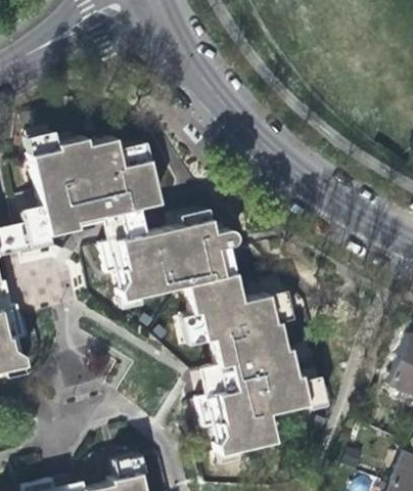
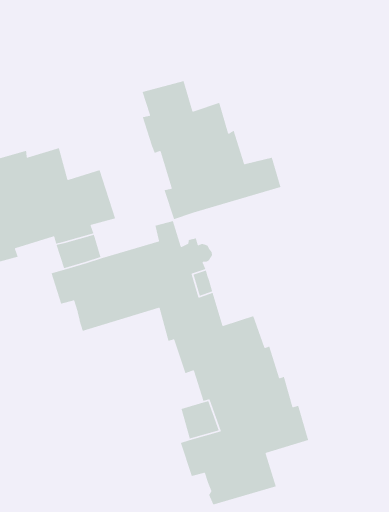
building: none -> [142,80,281,220]

